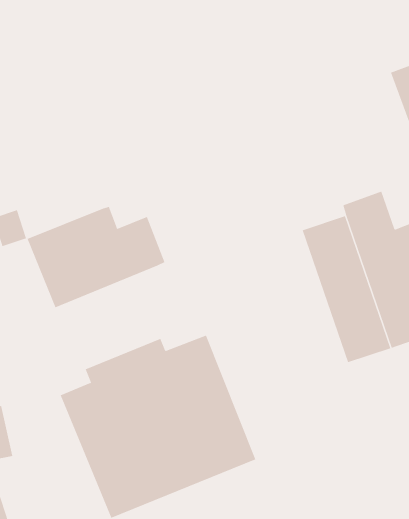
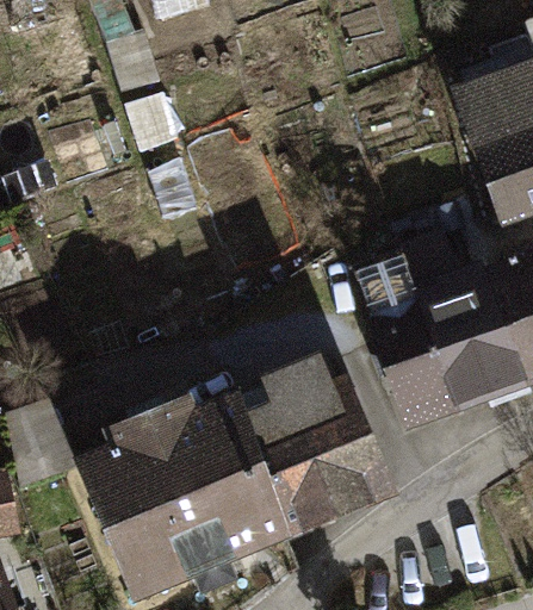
building: [27,206,165,308] -> none
building: none -> [243,354,399,534]

